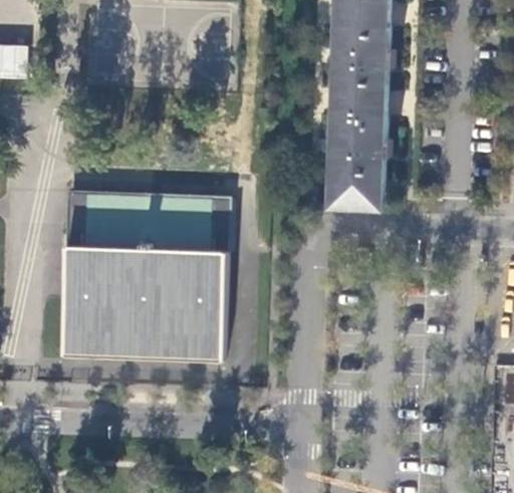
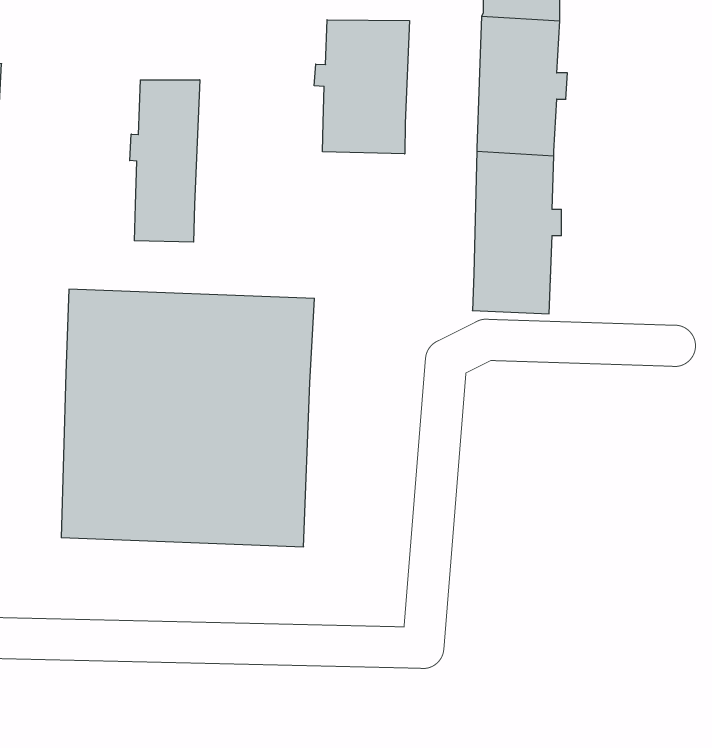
building: none -> [314,20,409,154]
building: none -> [130,80,200,242]

